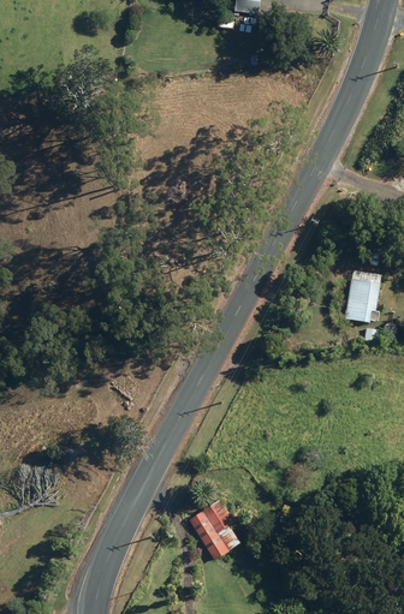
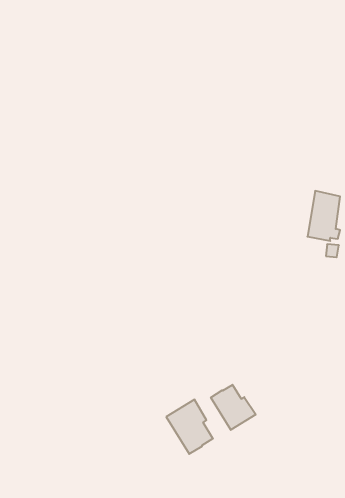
building: none -> [211,385,256,430]

